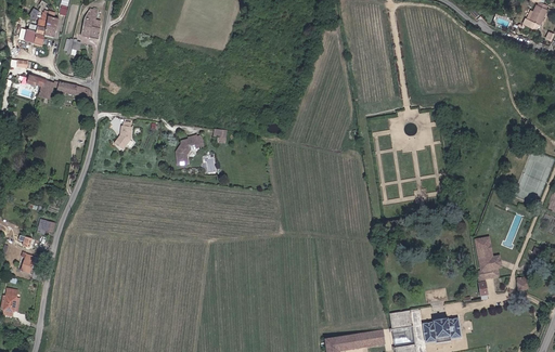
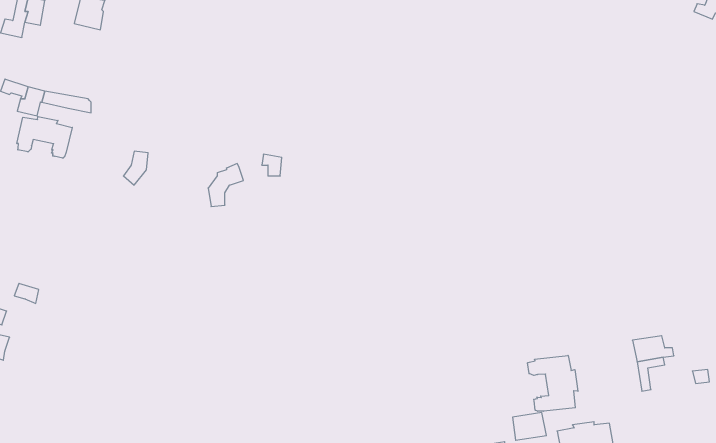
building: none -> [17,116,72,158]
building: none -> [528,355,578,411]

